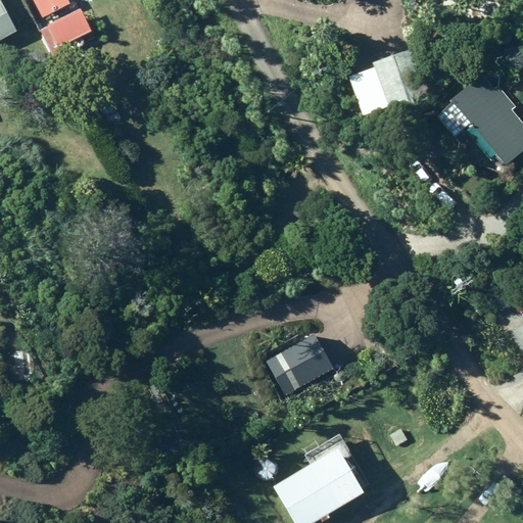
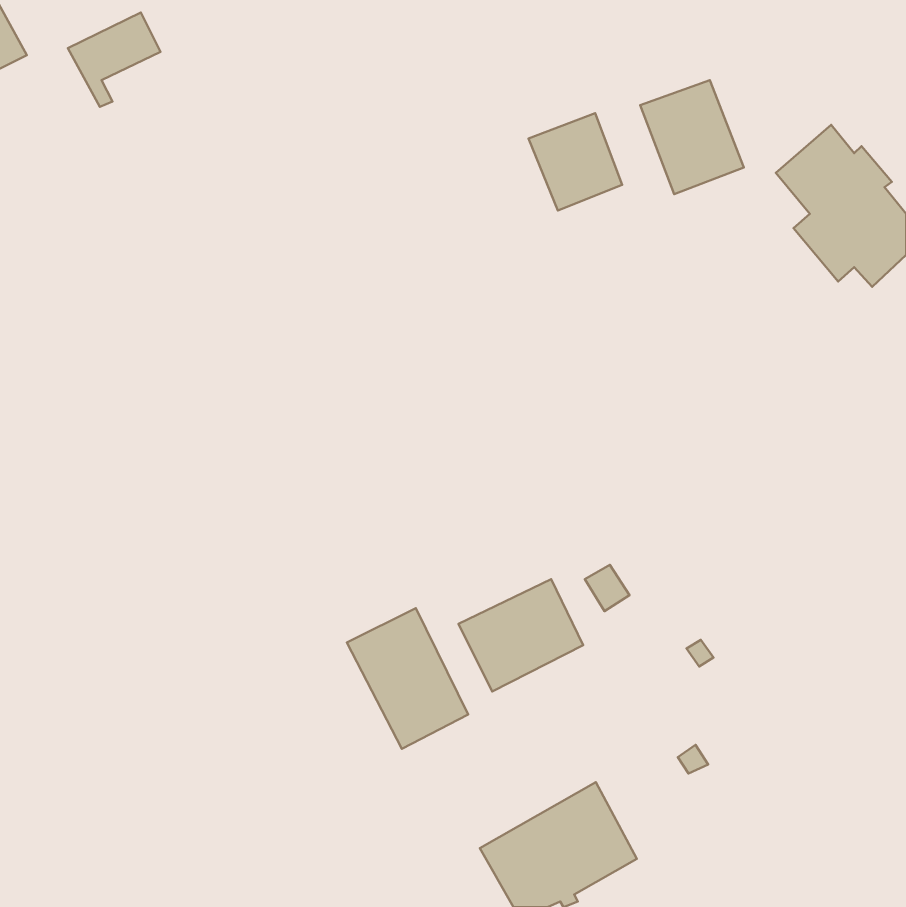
building: none -> [529,113,622,210]
building: none -> [347,608,468,749]

